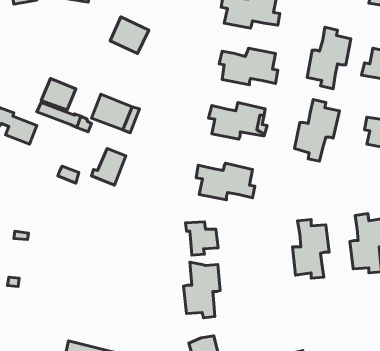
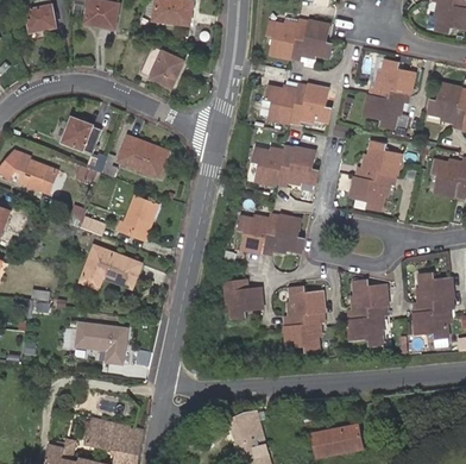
building: none -> [80,246,143,289]
building: none -> [80,320,132,360]
building: [183,262,220,318] -> [282,288,323,351]

